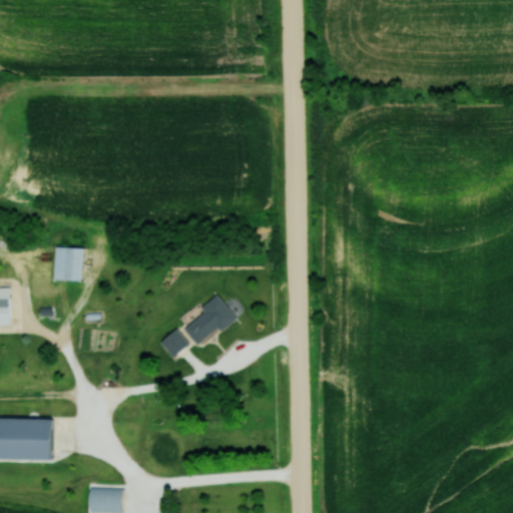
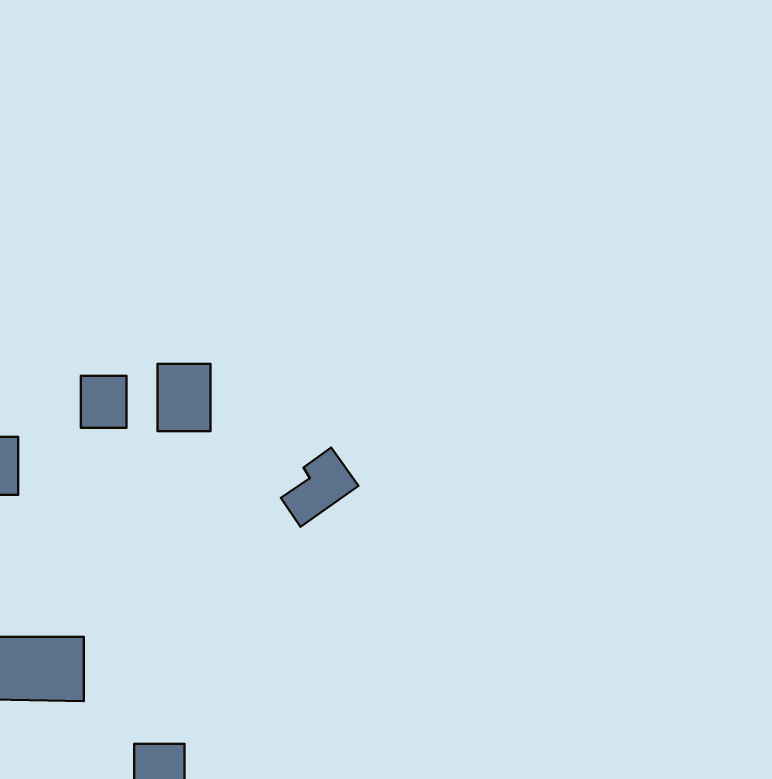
building: none -> [157,364,210,431]
building: [160,331,188,359] -> none

